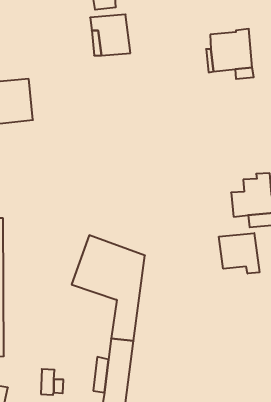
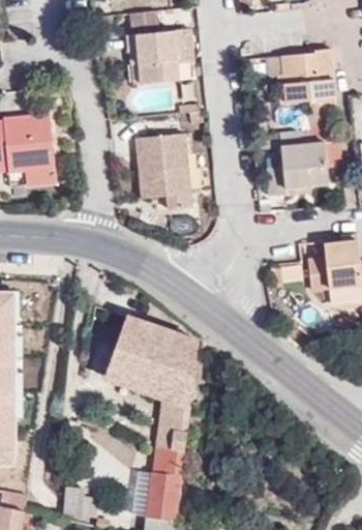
building: none -> [139,134,193,210]
building: none -> [267,141,330,197]
building: [219,233,259,274] -> none

